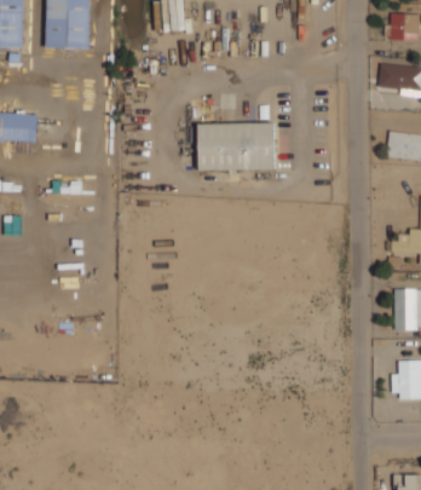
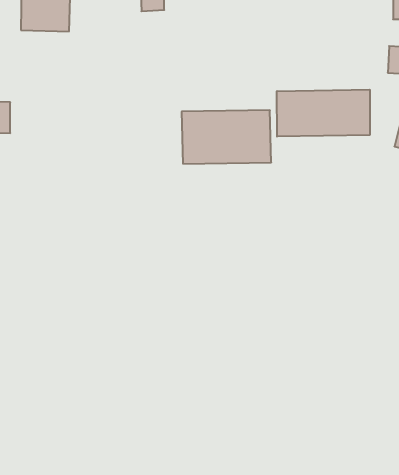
building: none -> [277,90,370,137]

